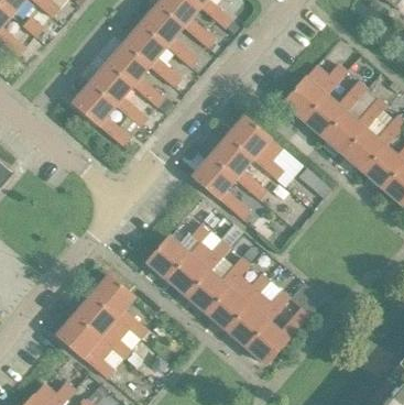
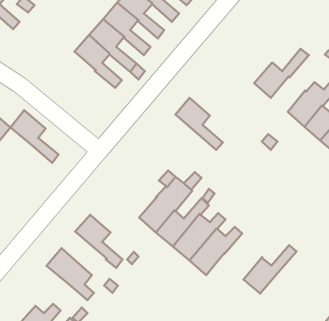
building: [284,61,348,119] -> none
building: [74,81,131,144] -> [10,110,59,163]
building: [324,86,387,153] -> none
building: [227,116,304,187] -> none
building: [194,156,250,218] -> none
building: [148,237,188,278] -> none
building: [75,295,131,357] -> none
building: [247,306,309,363] -> [244,245,296,293]

